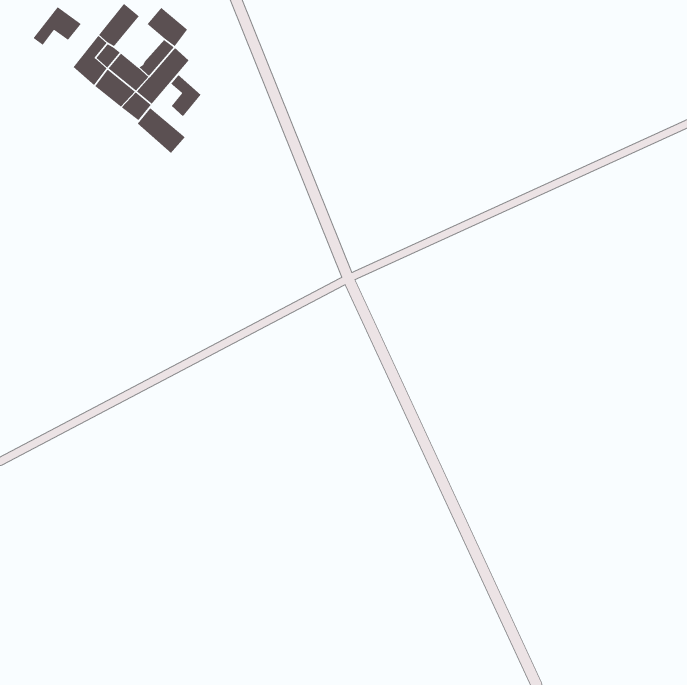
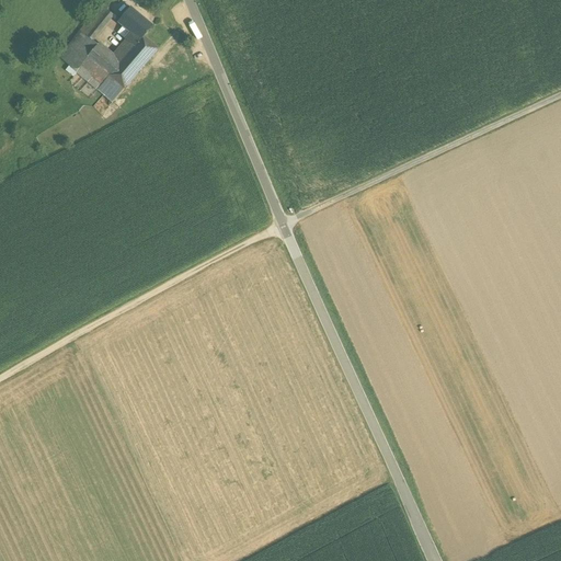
building: [32,6,82,46] -> none
building: [170,74,201,117] -> none
building: [137,107,186,154] -> none

